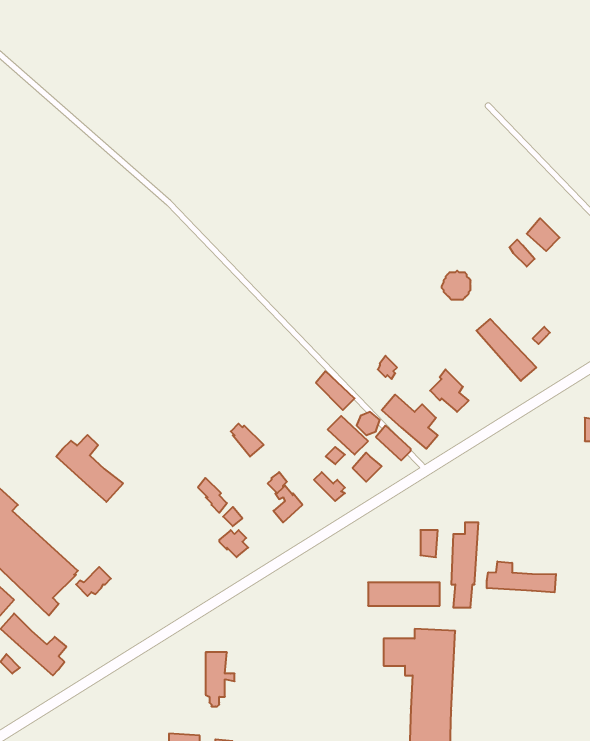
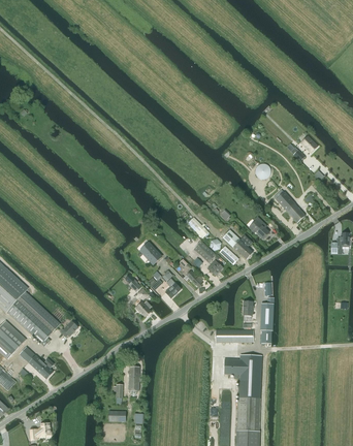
building: [56,435,123,502] -> none
building: [487,561,556,592] -> none

